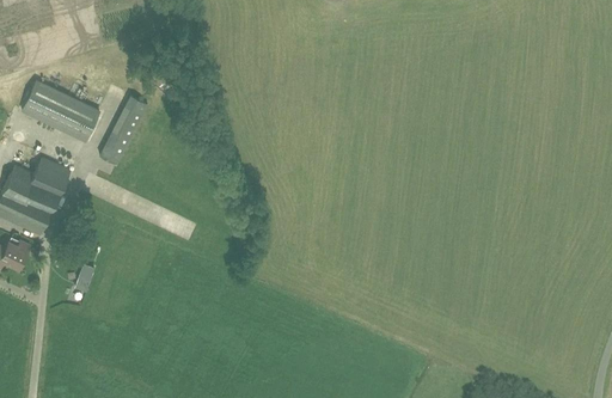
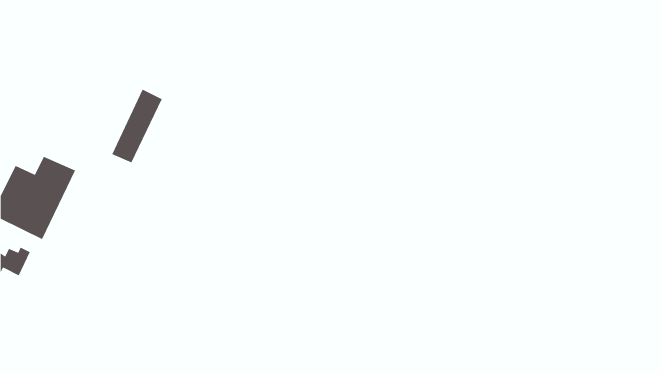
building: [22,80,99,140] -> none

